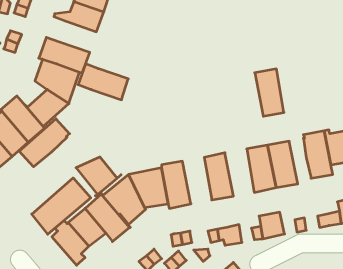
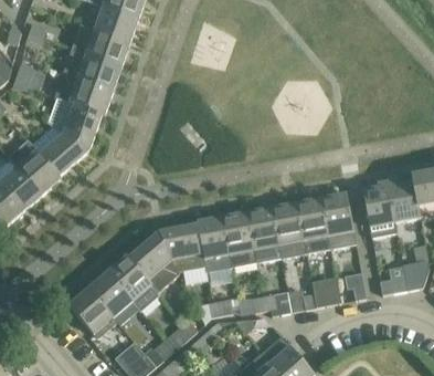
building: [78,64,128,100] -> [63,48,121,90]
building: [255,69,284,116] -> [272,202,306,258]
building: [19,119,70,167] -> none
building: [76,157,121,196] -> none
building: none -> [222,212,256,267]
building: [32,178,91,234] -> none

